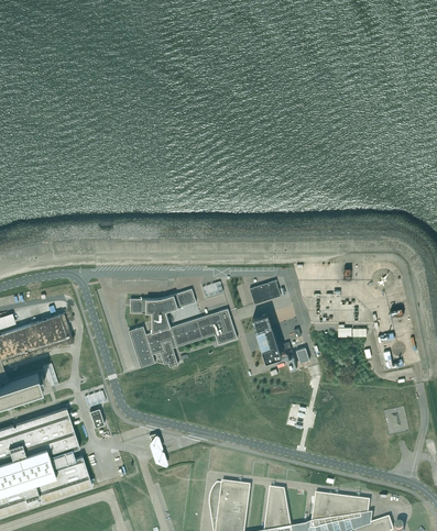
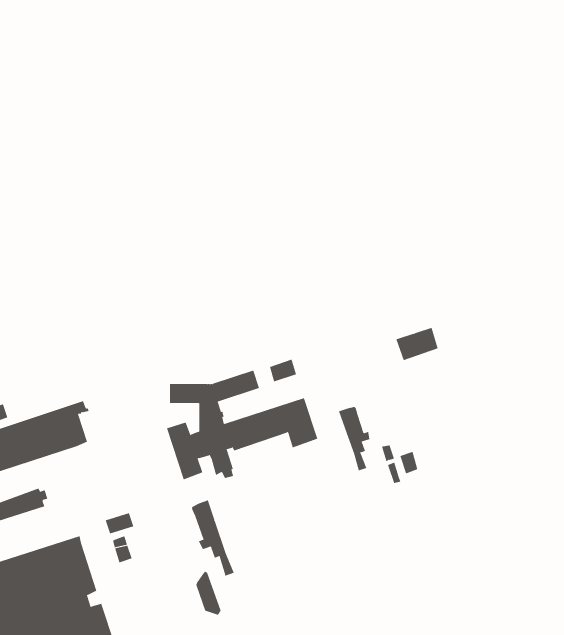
building: [249,280,280,305] -> [395,327,438,361]
building: none -> [192,499,235,576]

